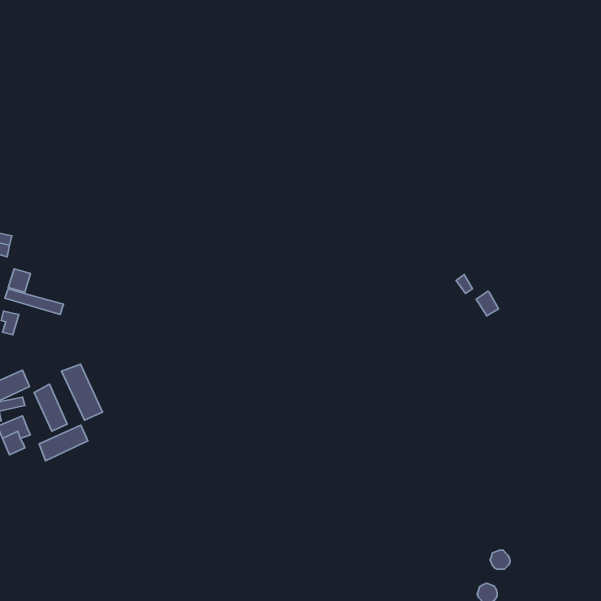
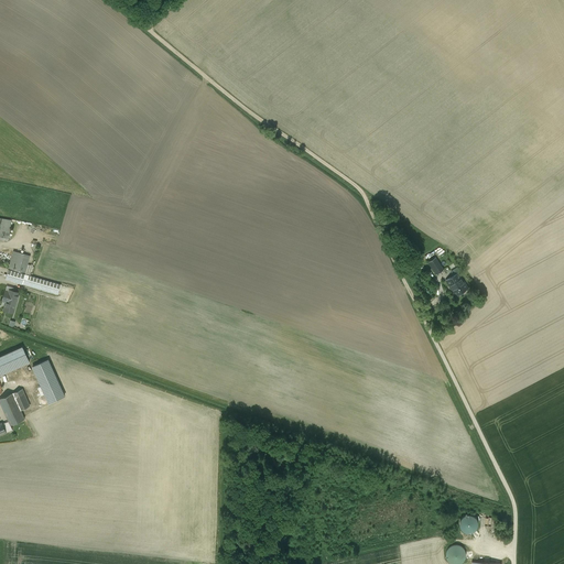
building: [61,364,102,420] -> none
building: [39,425,88,461] -> none

